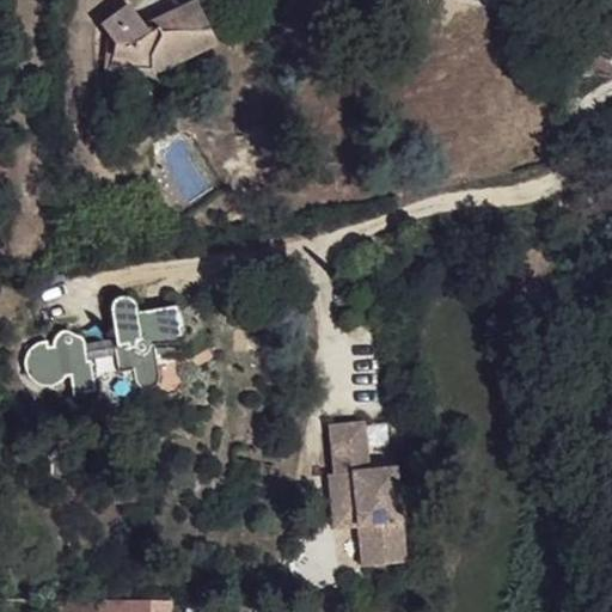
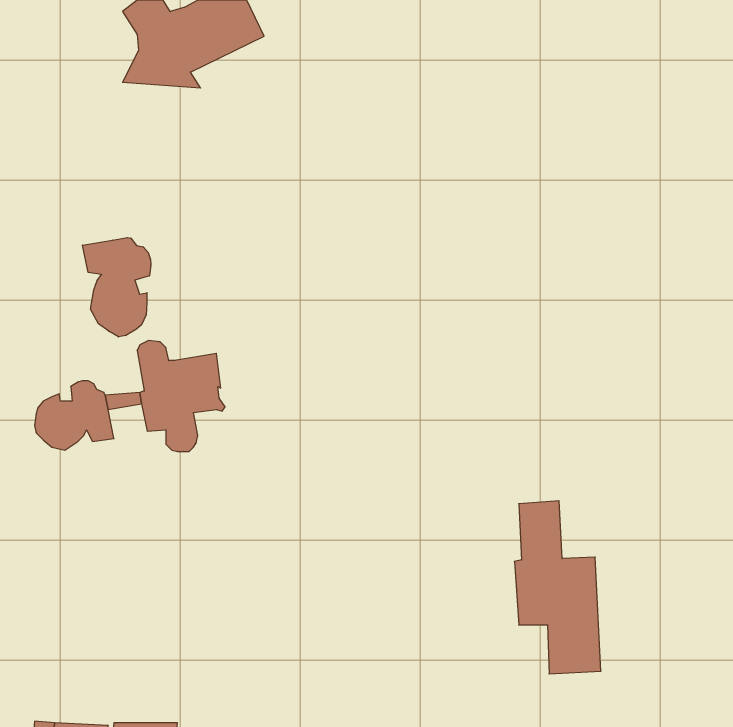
building: none -> [83,238,151,337]
building: [330,439,402,582] -> [514,501,601,674]

